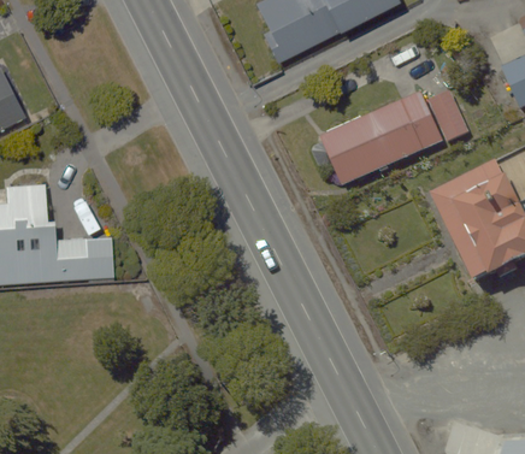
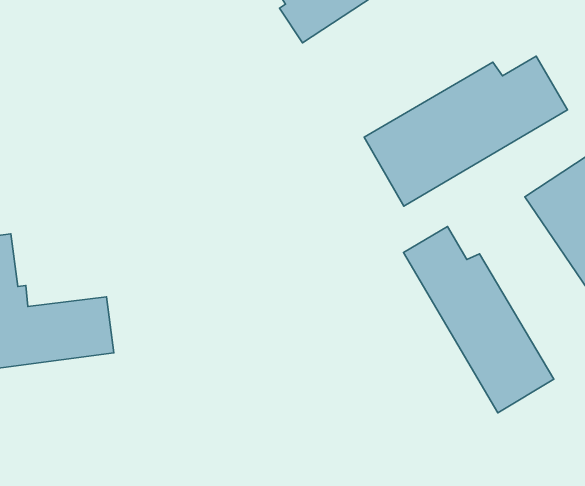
building: none -> [404,227,554,413]

